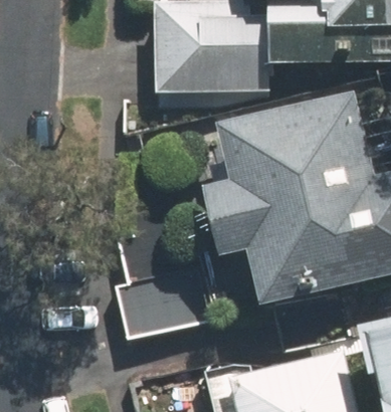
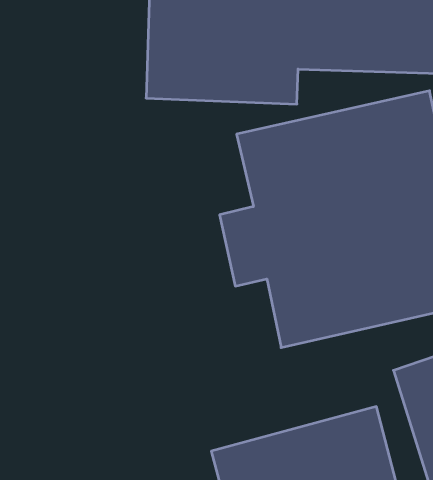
building: [97,231,218,342] -> none

